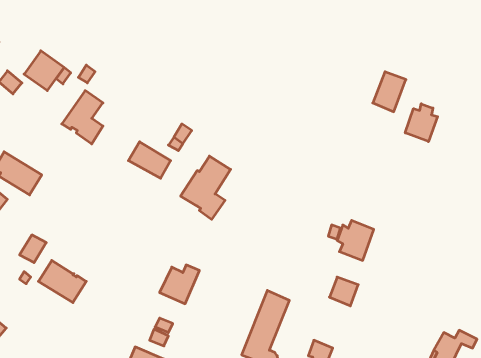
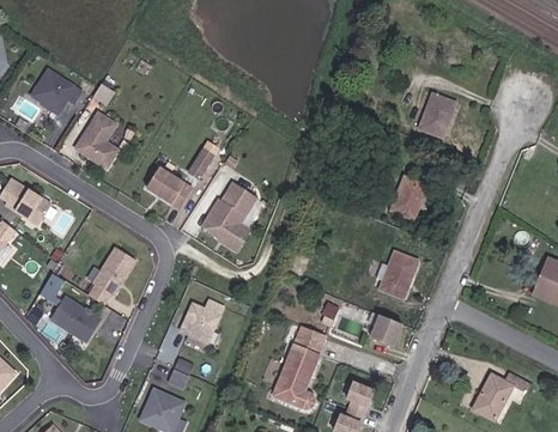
building: [405,104,438,142] -> none
building: none -> [384,176,421,218]
building: none -> [87,245,139,304]

